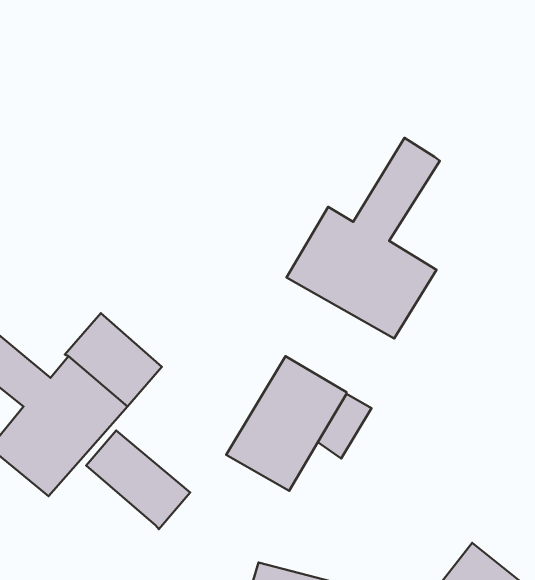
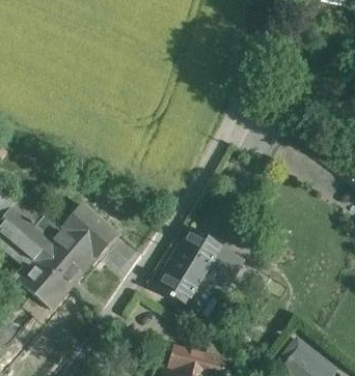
building: [286,138,440,339] -> none
building: [86,430,190,529] -> none

